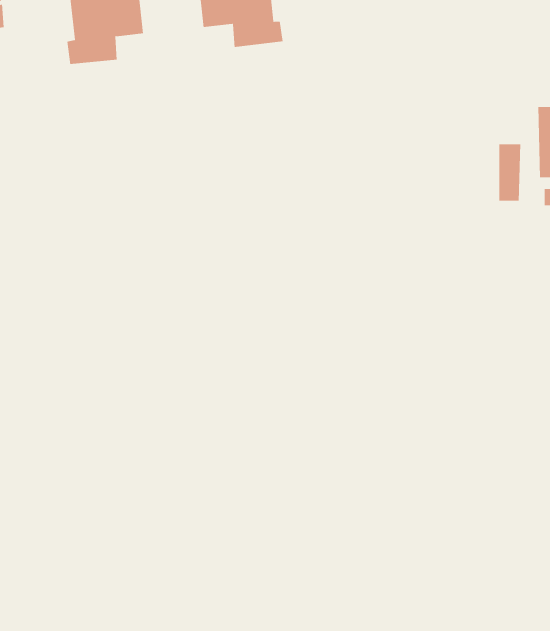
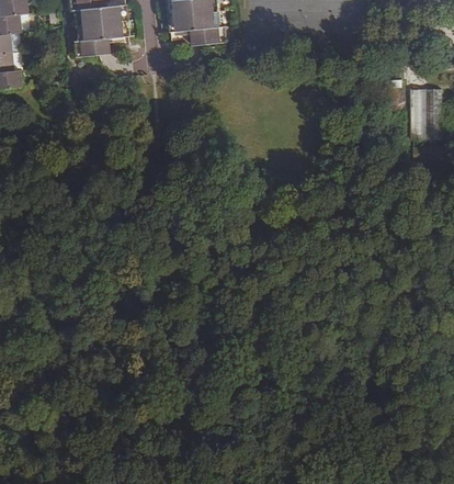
building: [499,144,521,202] -> none

